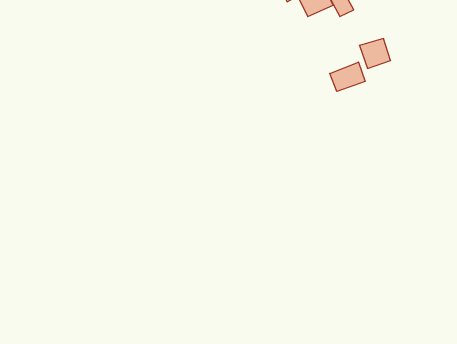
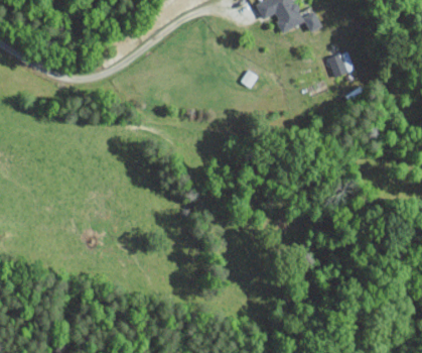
building: [330,62,365,91] -> none

